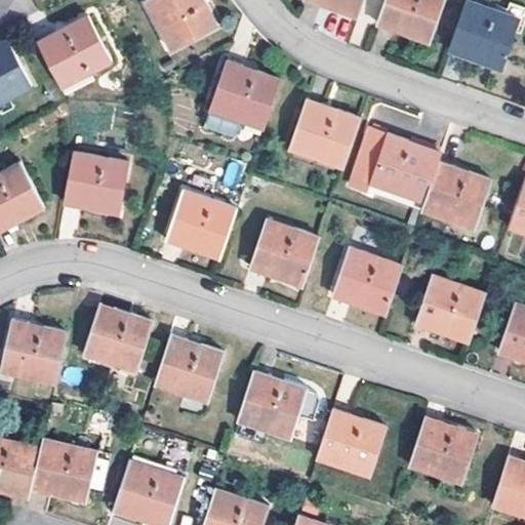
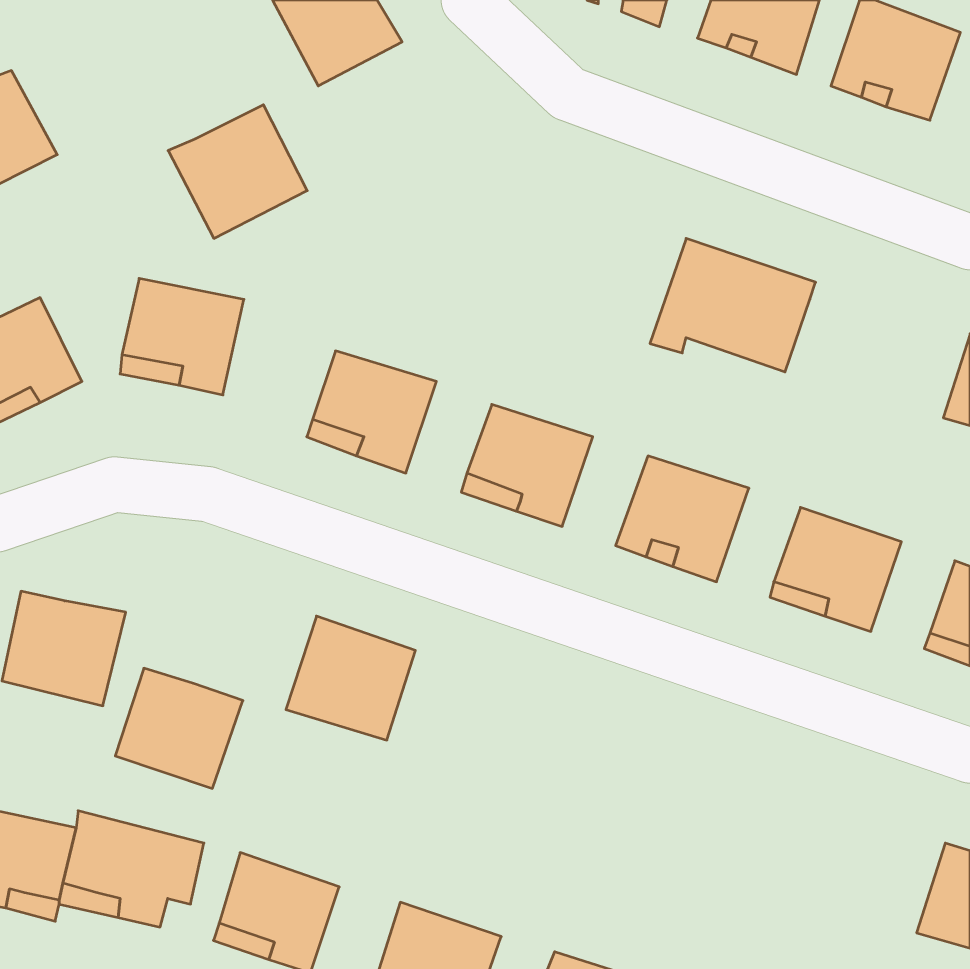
building: [37,17,112,89] -> [168,105,307,238]
building: [209,62,279,128] -> none
building: [288,102,359,168] -> none
building: [420,164,489,229] -> none
building: [84,306,153,370] -> [115,668,243,788]
building: [237,371,307,436] -> none
building: [316,408,387,475] -> none
building: [409,415,479,482] -> none

